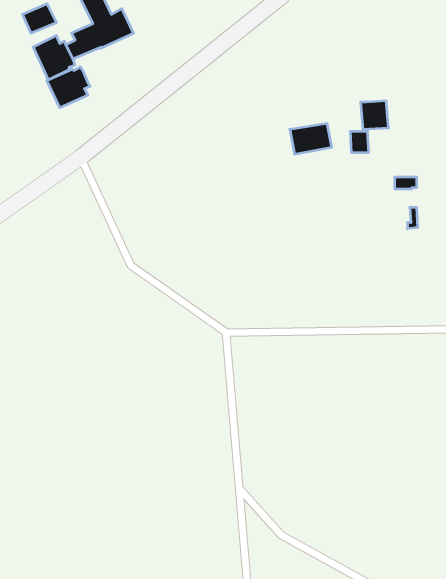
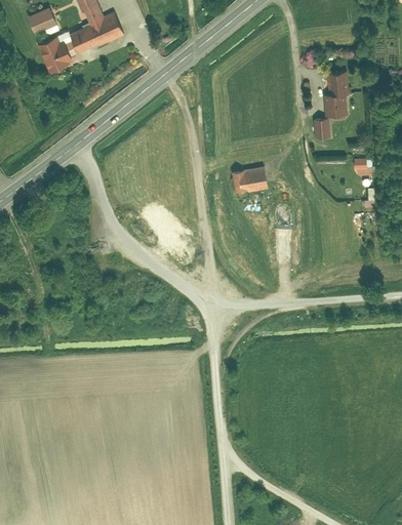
building: [47,67,90,108] -> none
building: none -> [327,74,348,95]
building: [290,124,332,154] -> [232,168,269,195]

